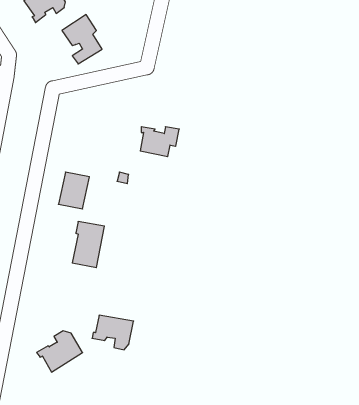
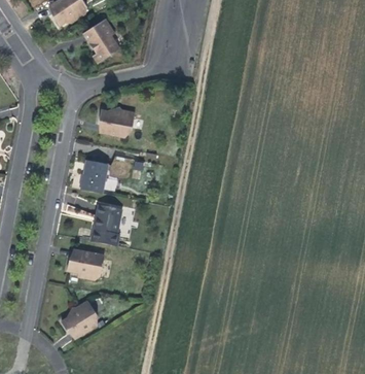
building: [140,127,179,157] -> [100,110,135,137]
building: [92,315,134,350] -> [67,249,104,280]

